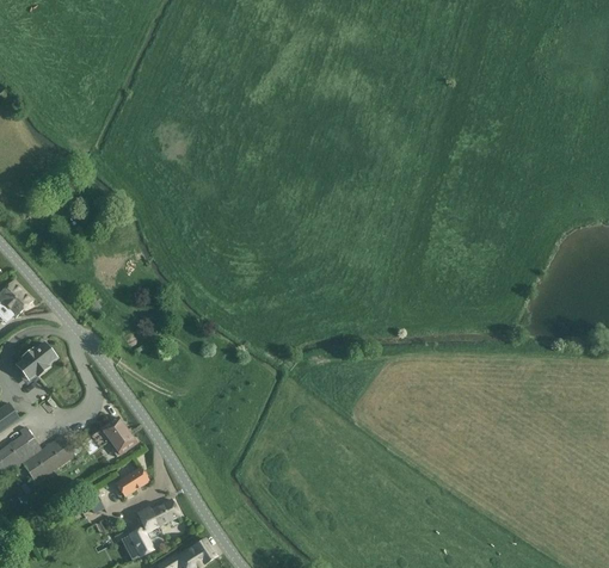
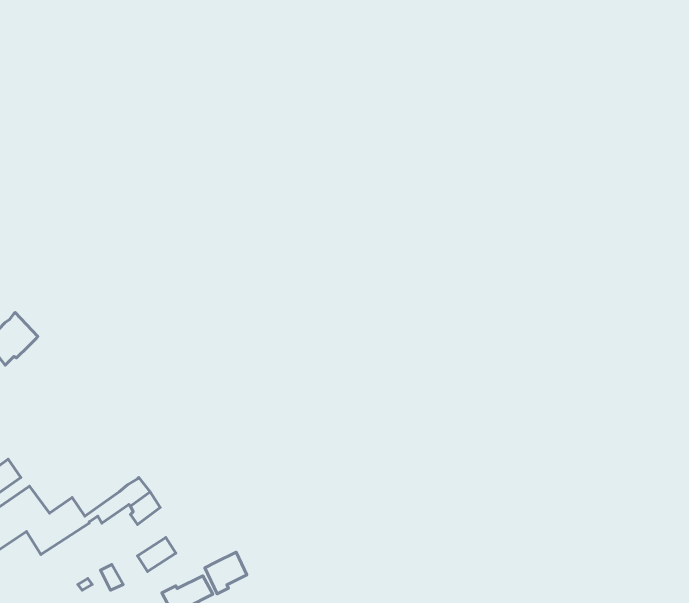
building: [17,342,54,379] -> none
building: none -> [205,552,247,594]

